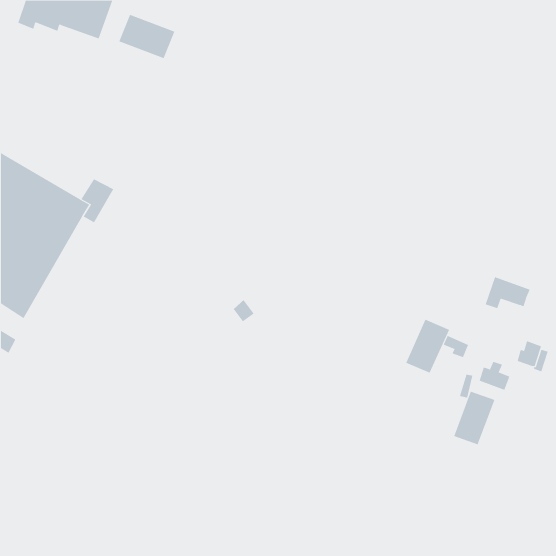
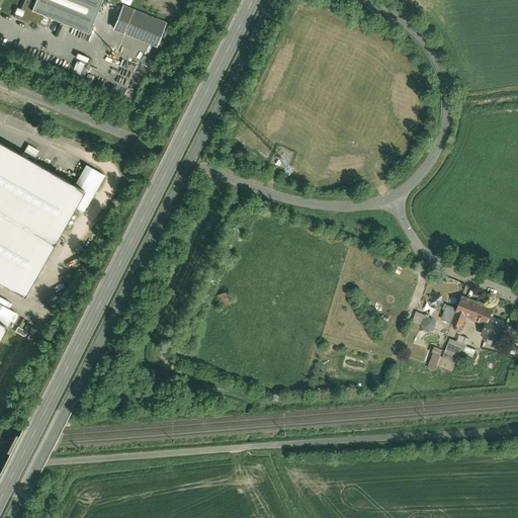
building: [485,276,531,309] -> [450,297,493,328]
building: [405,319,450,374] -> none
building: [454,391,495,445] -> none

